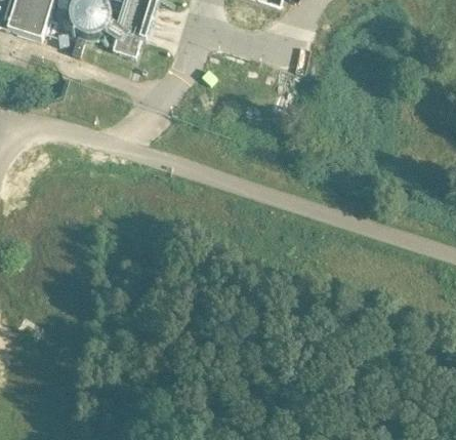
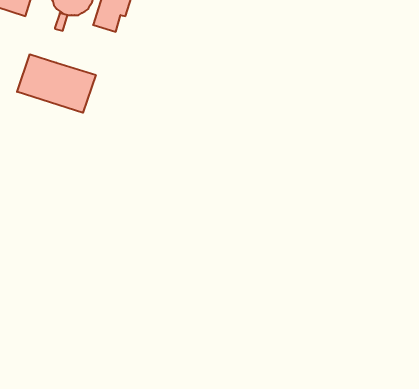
building: none -> [17,54,96,113]

